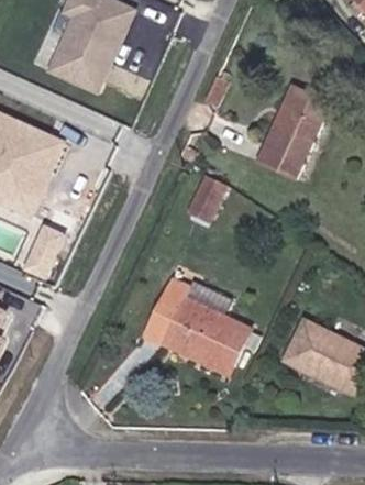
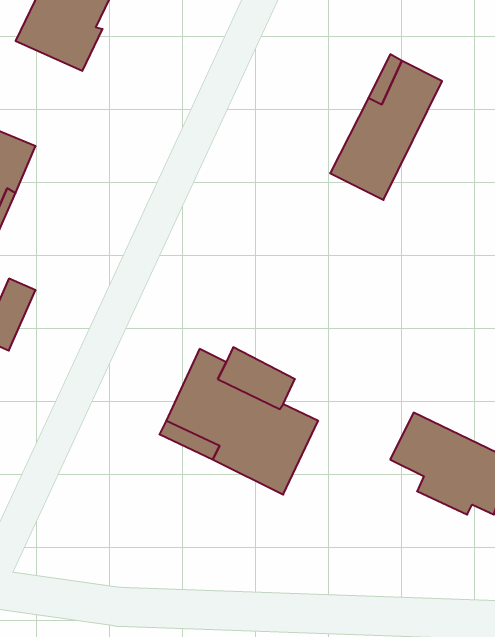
building: [186,170,223,218] -> none

